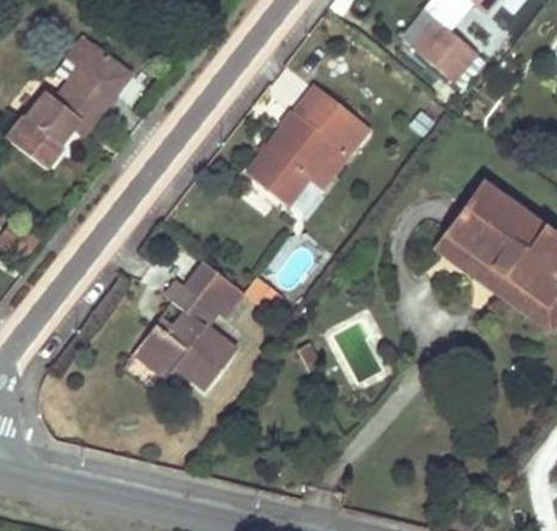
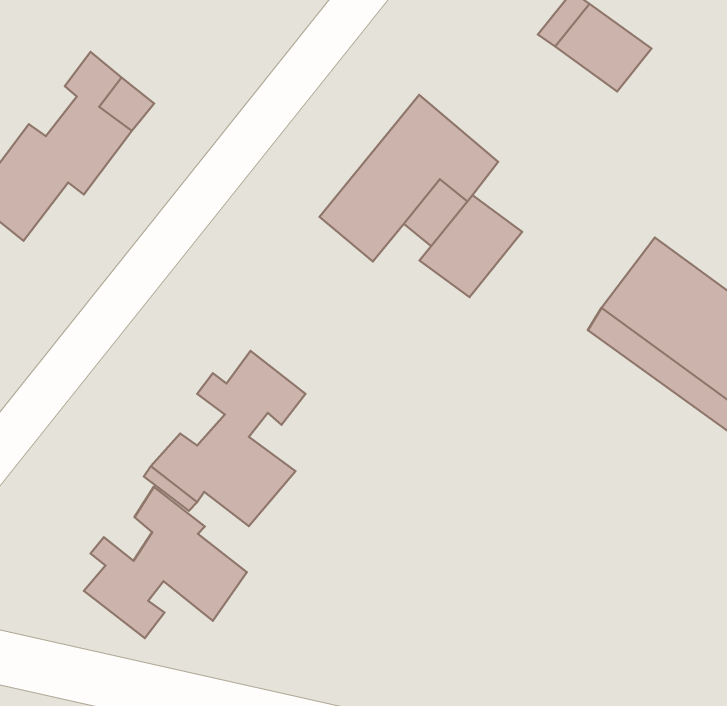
building: none -> [420,195,522,297]
building: none -> [84,487,247,638]

